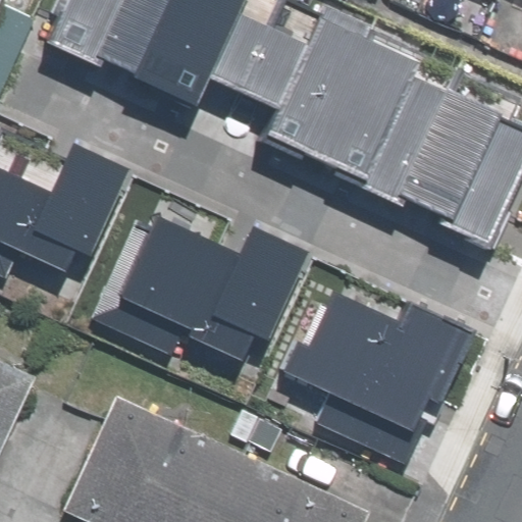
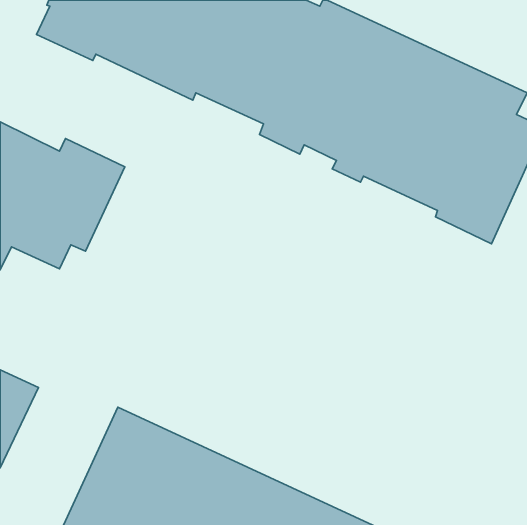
building: [89,213,303,359] -> none
building: [280,295,471,464] -> none

